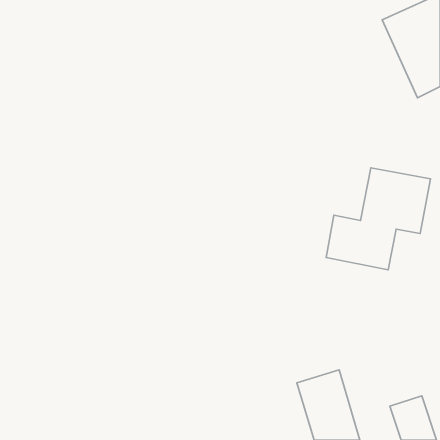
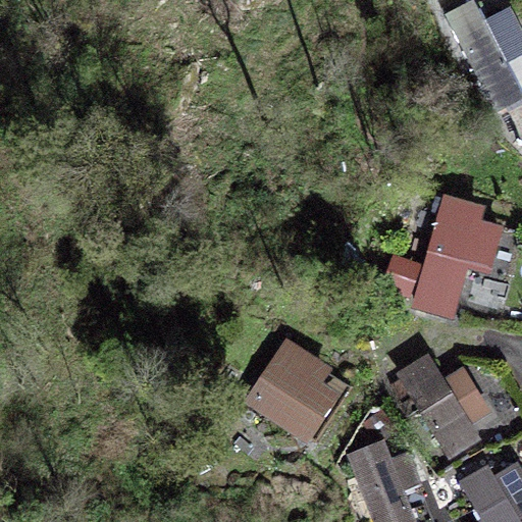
building: none -> [394,344,491,451]
building: none -> [252,351,343,441]

